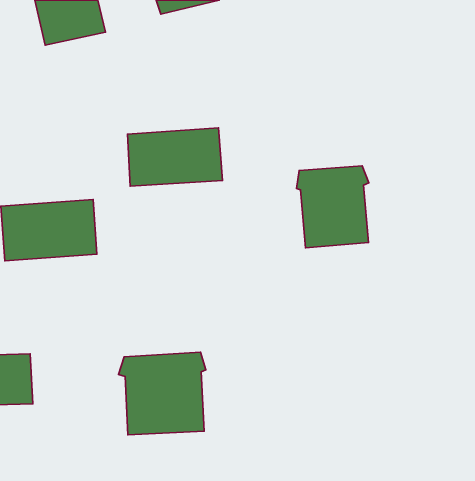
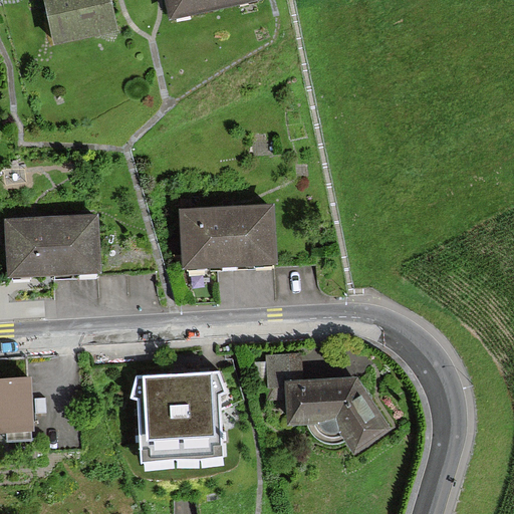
building: [127,128,222,186] -> [181,204,282,266]
building: [297,166,369,248] -> none
building: none -> [265,356,395,449]

